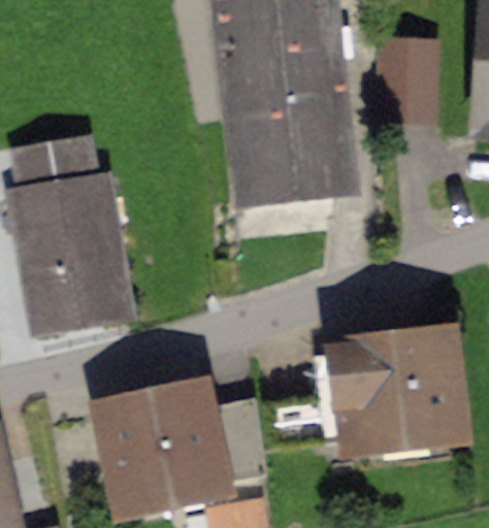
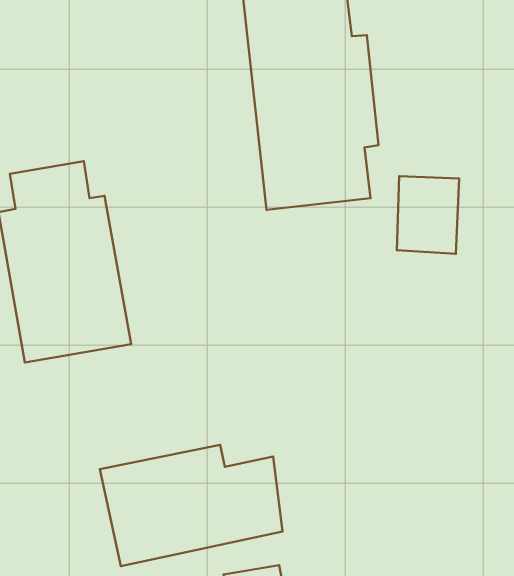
building: [380,52,435,121] -> [397,176,459,254]
building: [333,344,464,446] -> none

